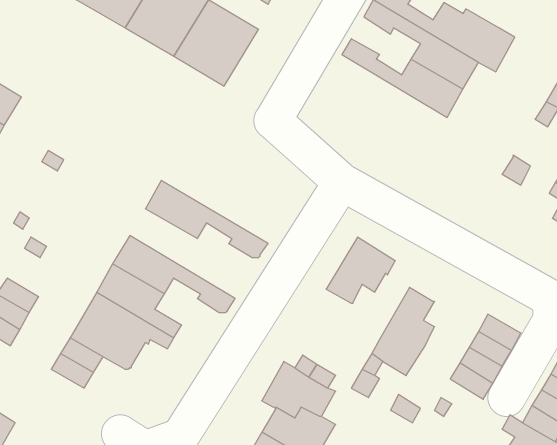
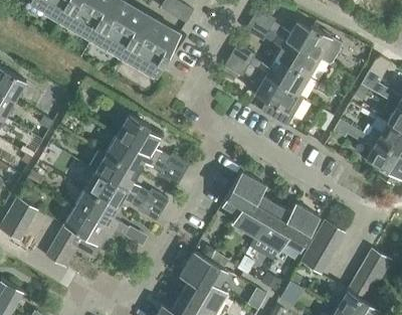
building: none -> [223,54,304,126]
building: none -> [116,114,189,175]
building: none -> [89,149,168,210]
building: none -> [231,194,274,237]
building: none -> [283,203,320,251]

